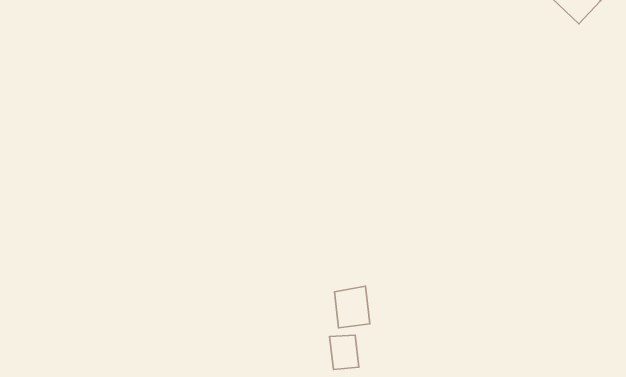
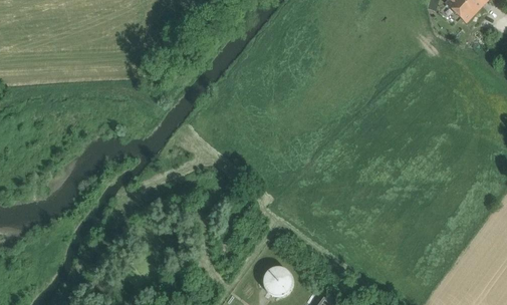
building: [334,286,370,328] -> none

